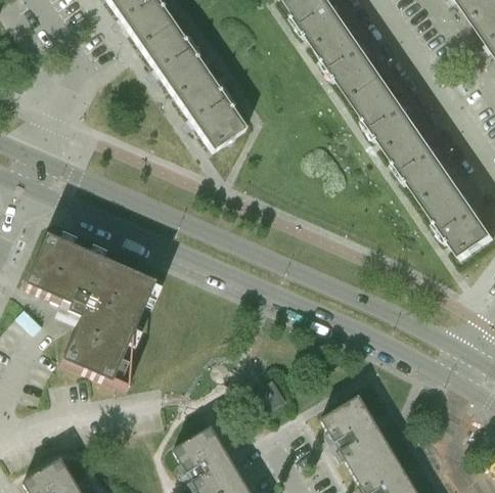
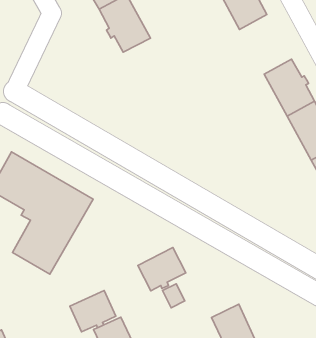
building: [318,29,388,104] -> none
building: [174,74,245,151] -> none
building: none -> [138,248,186,291]
building: none -> [70,291,116,332]

